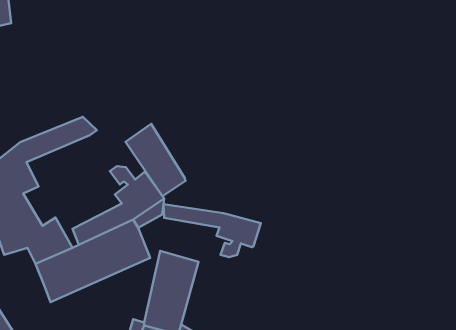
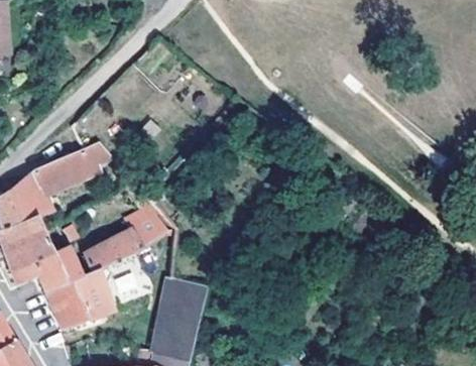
building: [126,124,186,196] -> none
building: [163,204,261,257] -> none

